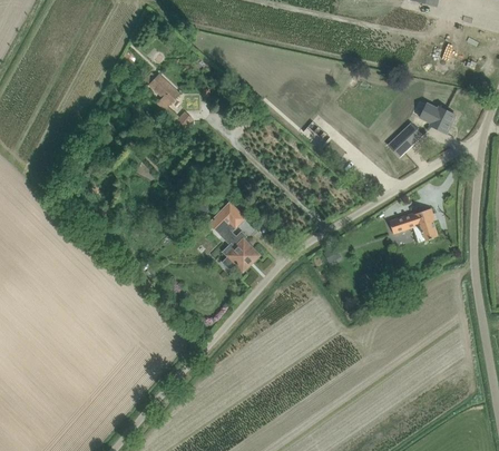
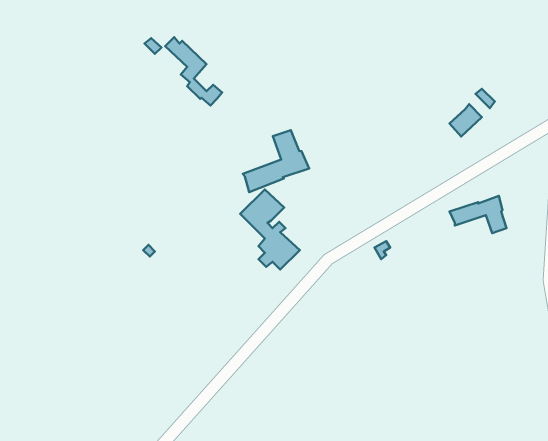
building: [425,101,456,131] -> none
building: none -> [243,130,309,192]

